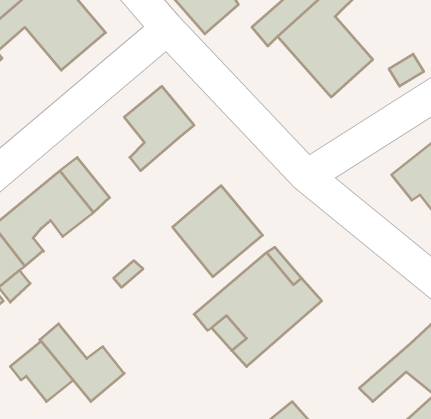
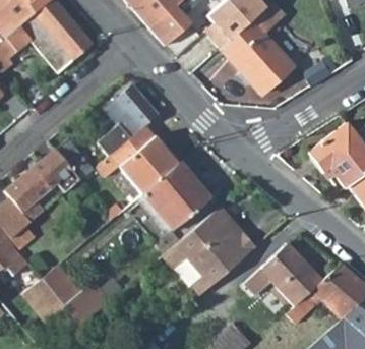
building: none -> [103,124,178,192]
building: none -> [245,243,322,306]

